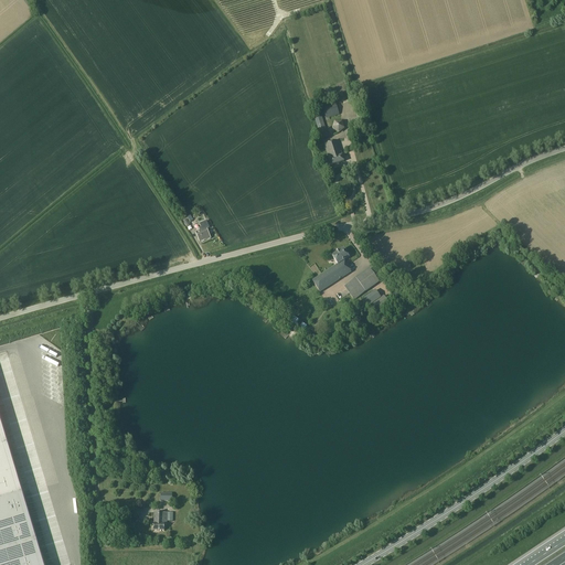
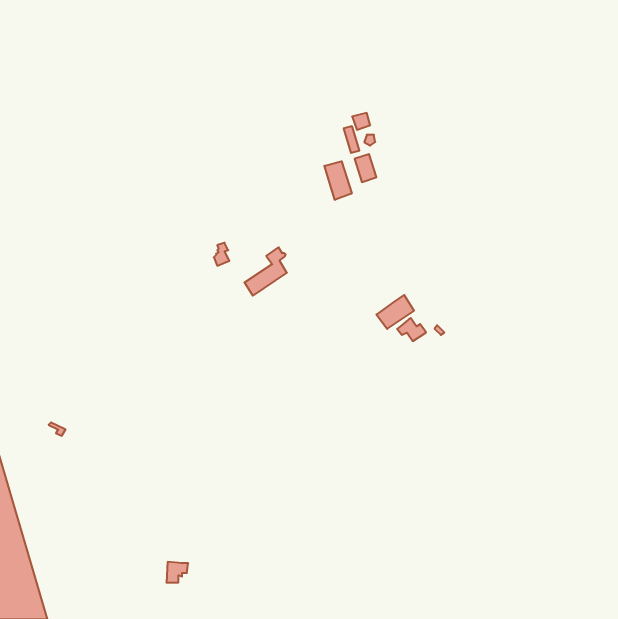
building: none -> [324,161,352,200]
building: [310,248,349,292] -> [244,247,287,296]

